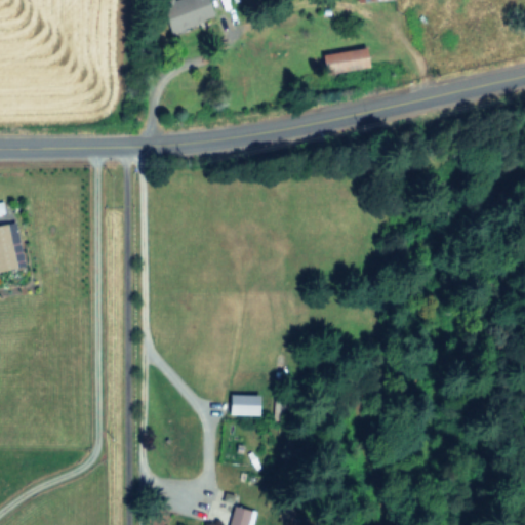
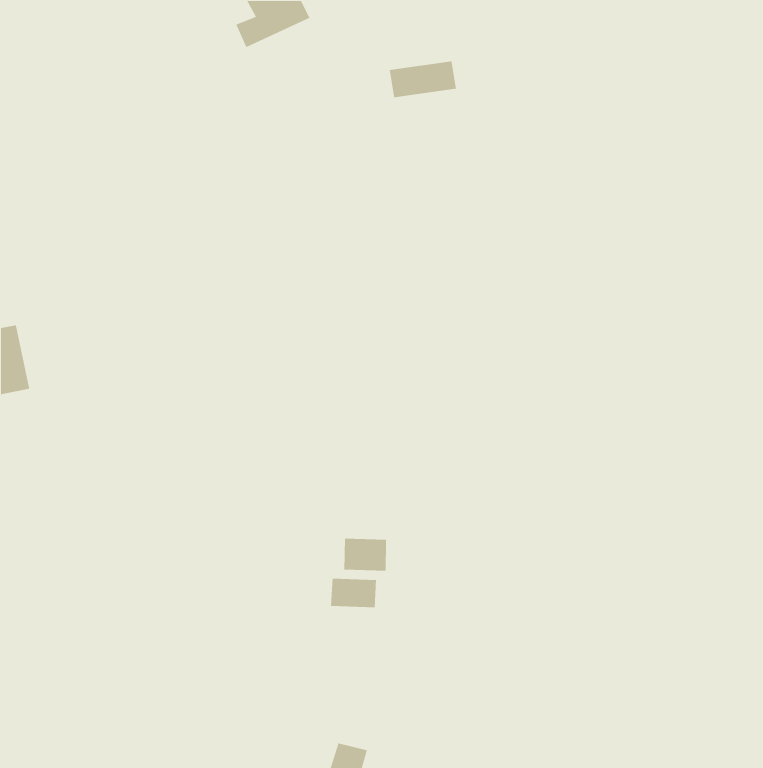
building: [323,48,369,74] -> [389,60,457,98]
building: none -> [343,538,387,571]

